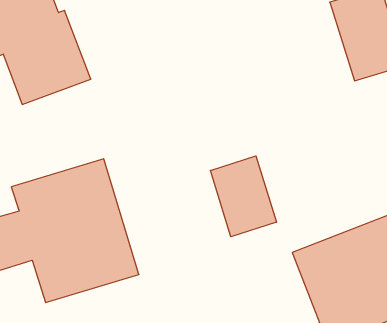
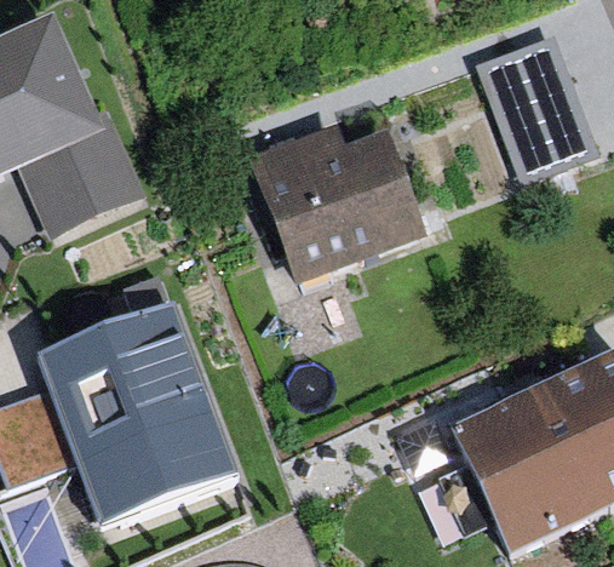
building: none -> [254,124,425,282]
building: [210,156,277,237] -> none

